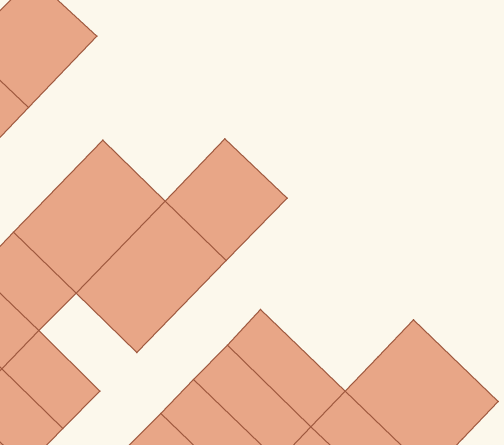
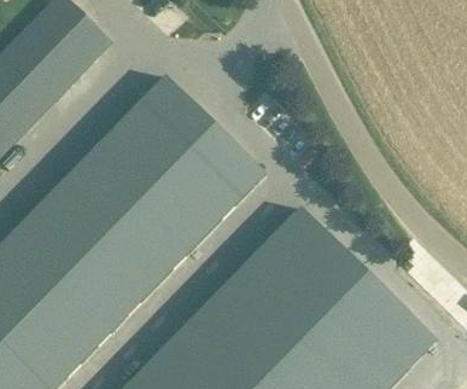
building: none -> [117,75,216,174]
building: none -> [245,204,369,329]
building: none -> [65,249,145,329]

